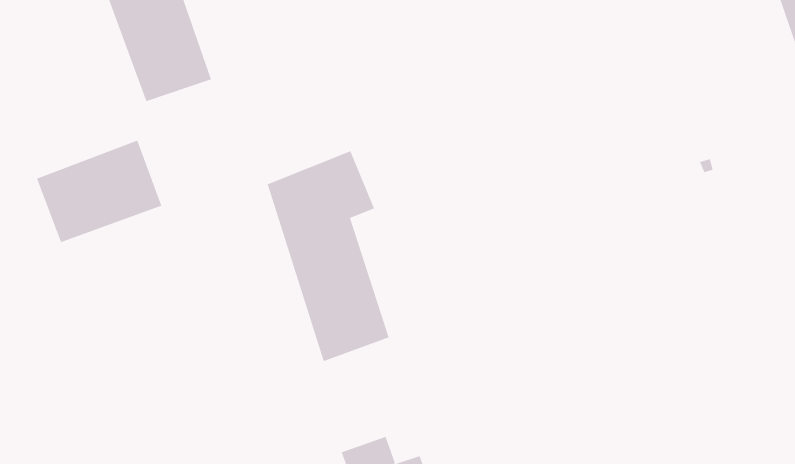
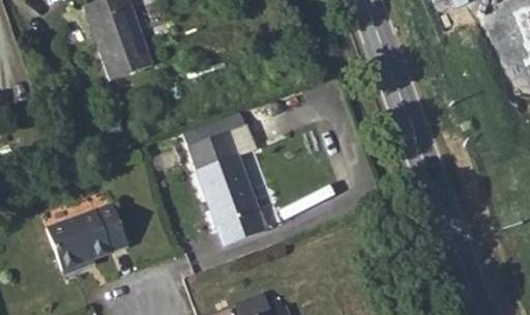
building: [36,140,162,243] -> [47,203,127,269]

